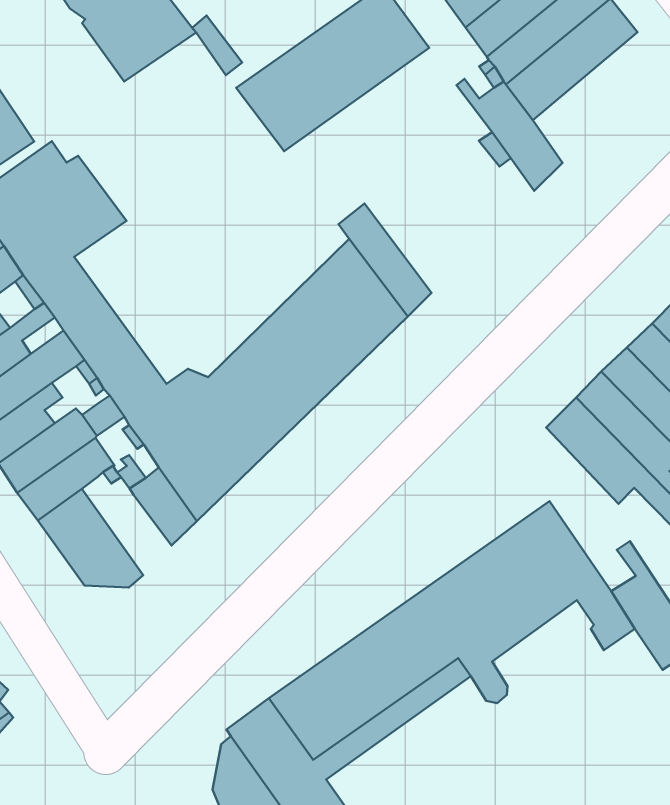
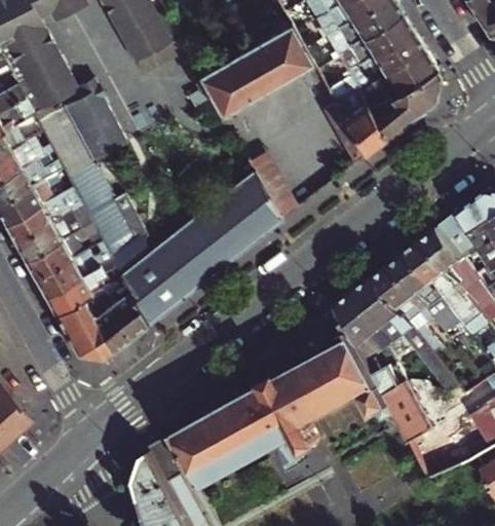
building: none -> [370,70,440,141]
building: none -> [339,294,398,393]
building: none -> [82,292,130,352]

